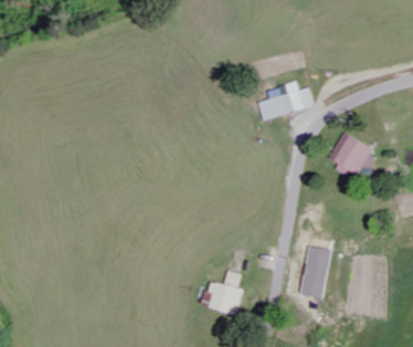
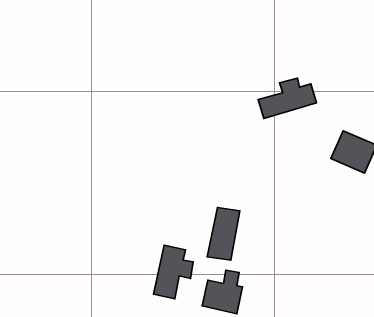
building: [300,246,332,298] -> [207,208,240,260]
building: none -> [154,245,193,299]

